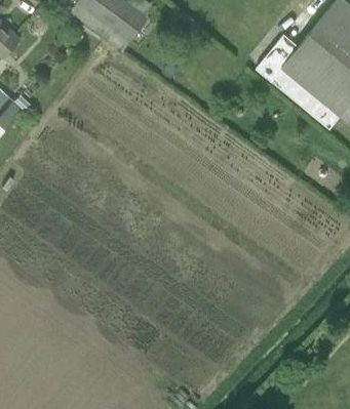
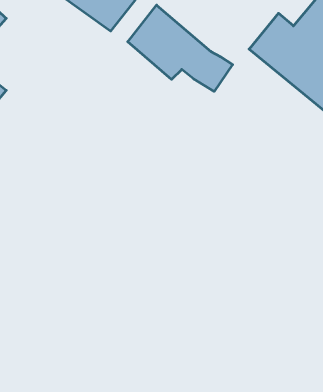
building: none -> [128,5,233,91]

